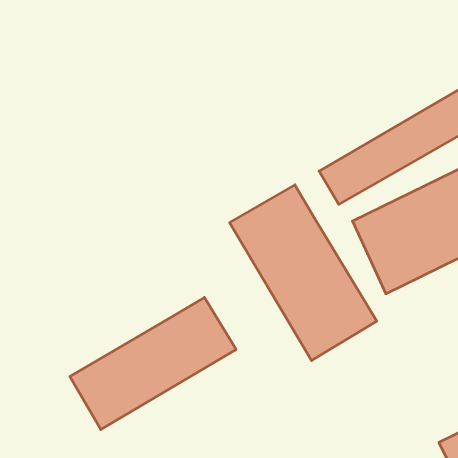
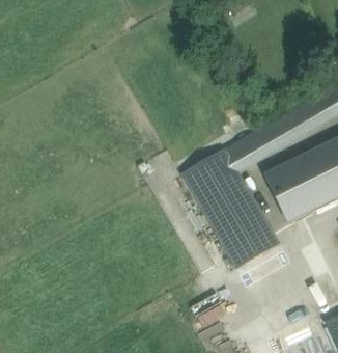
building: [70,297,236,430] -> none

